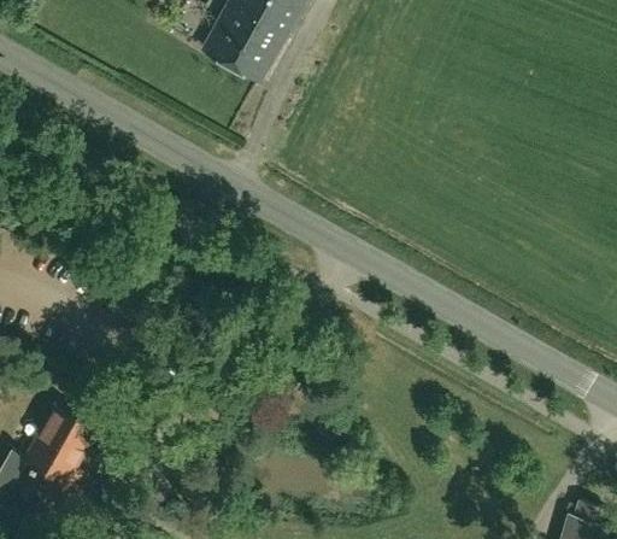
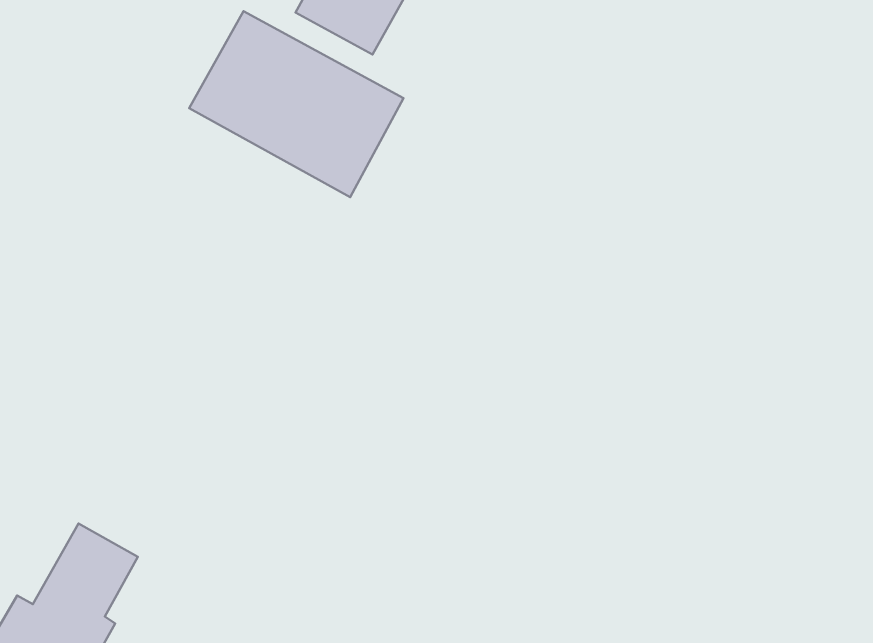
building: none -> [189,11,403,197]

